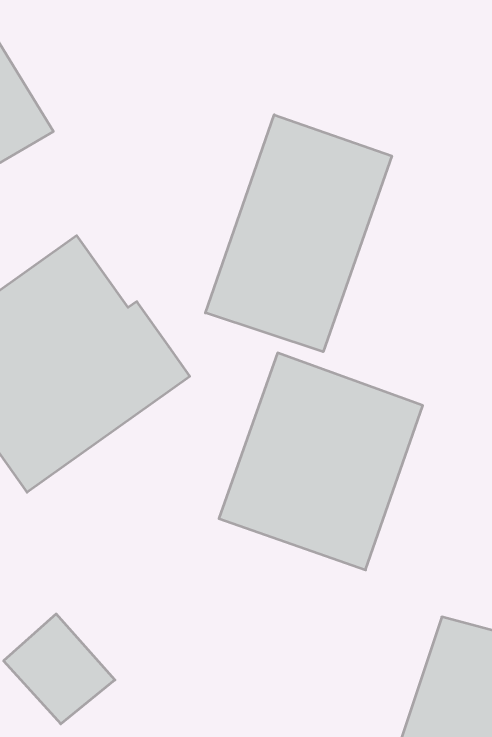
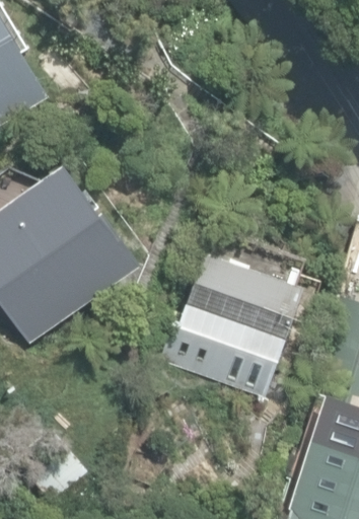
building: [205,115,392,352] -> none

